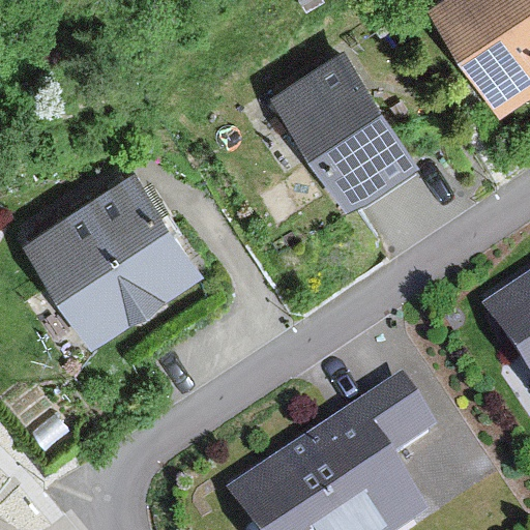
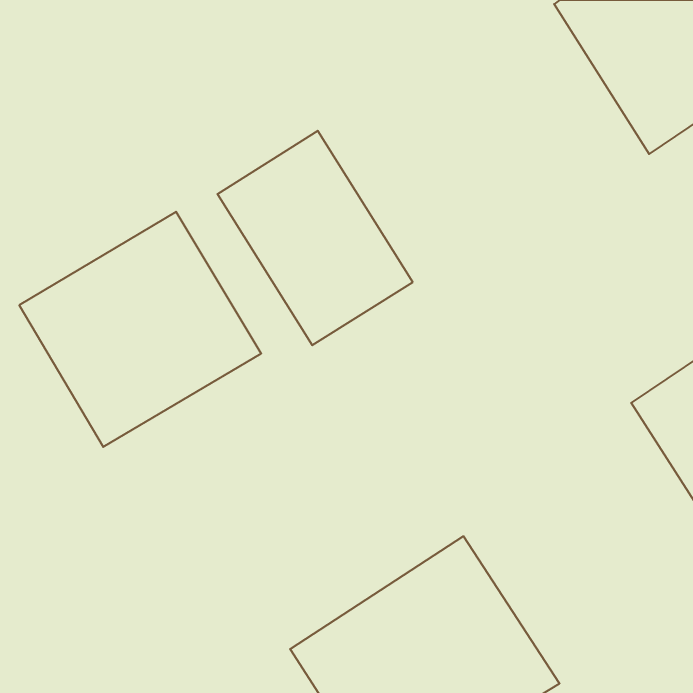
building: [268,47,415,208] -> [217,131,413,345]
building: [356,380,440,468] -> none

